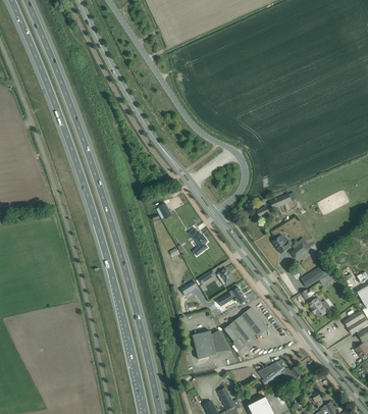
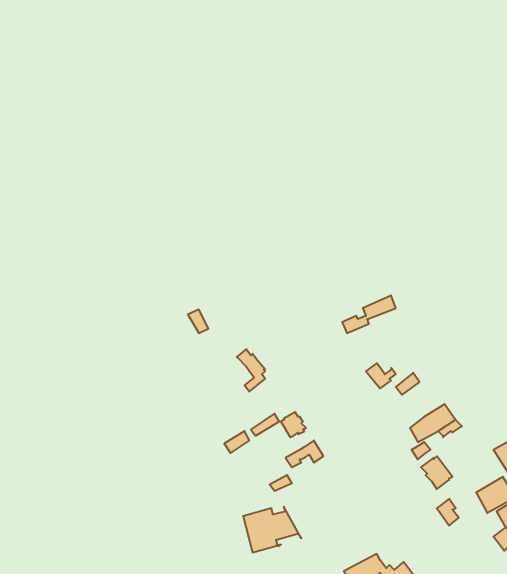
building: [224,307,268,351] -> none

